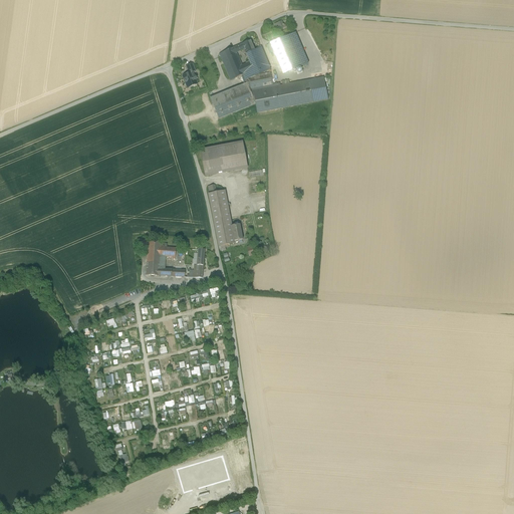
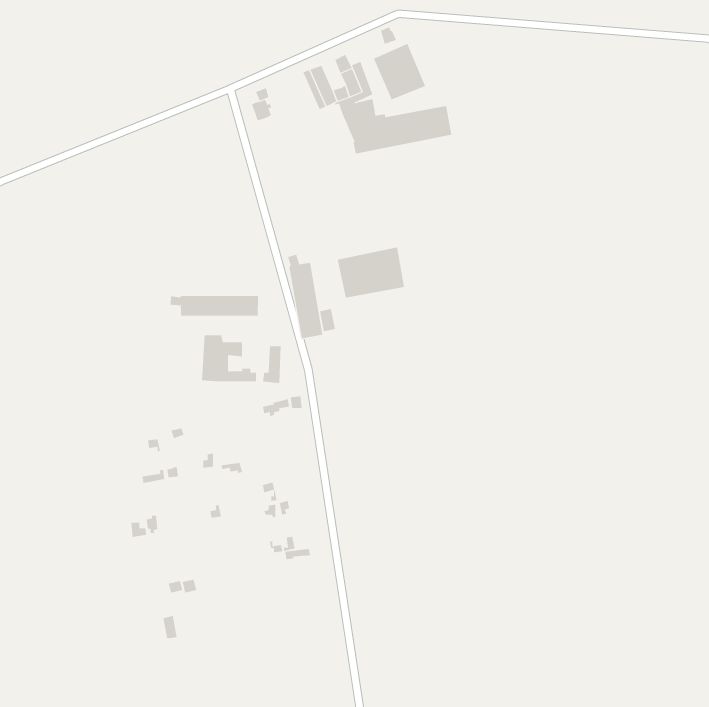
building: [211,81,256,117] -> none
building: [199,141,248,178] -> [337,247,405,298]
building: none -> [170,295,258,317]

